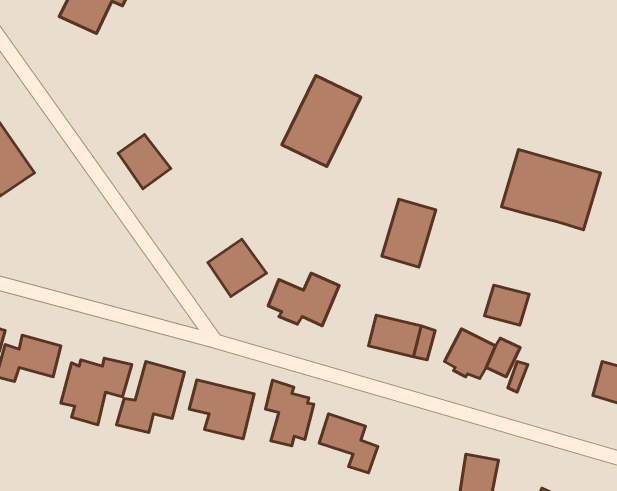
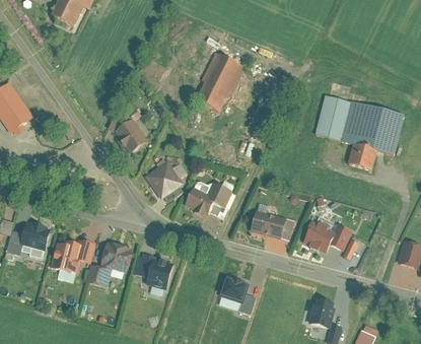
building: [118,135,171,189] -> [115,119,149,154]
building: [382,199,436,267] -> [313,94,349,139]
building: [484,285,529,325] -> [346,143,375,169]
building: [266,380,314,446] -> none

